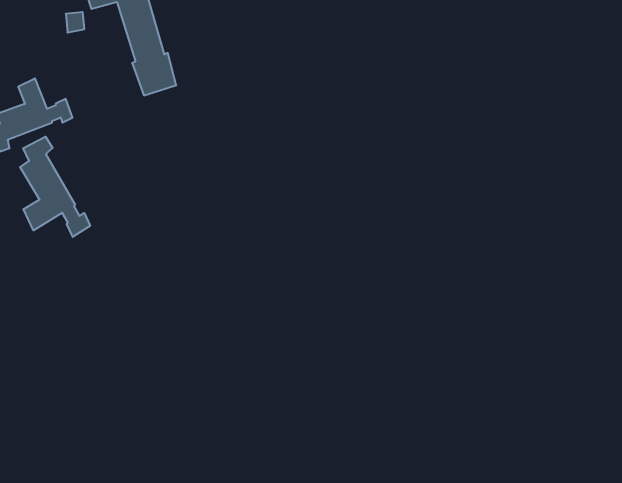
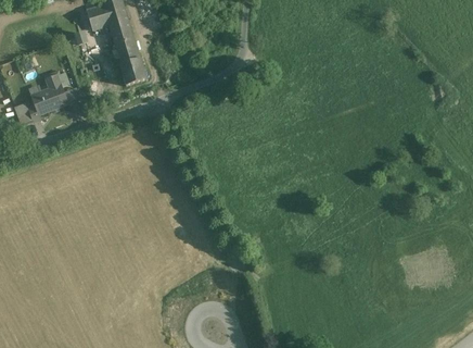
building: [20,137,90,237] -> none

